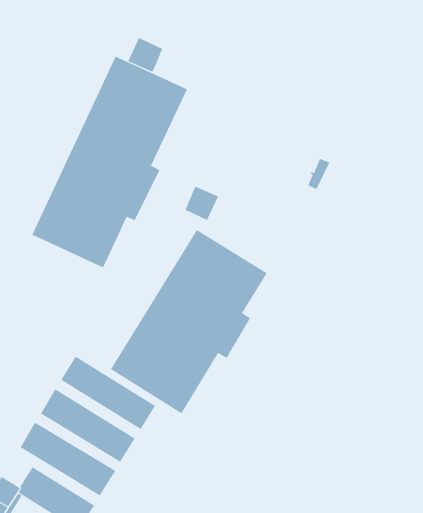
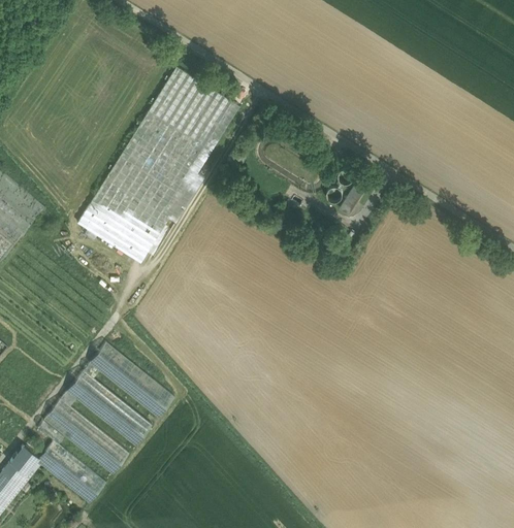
building: [127,37,163,72] -> none
building: [185,186,219,221] -> none
building: [110,229,267,414] -> none

